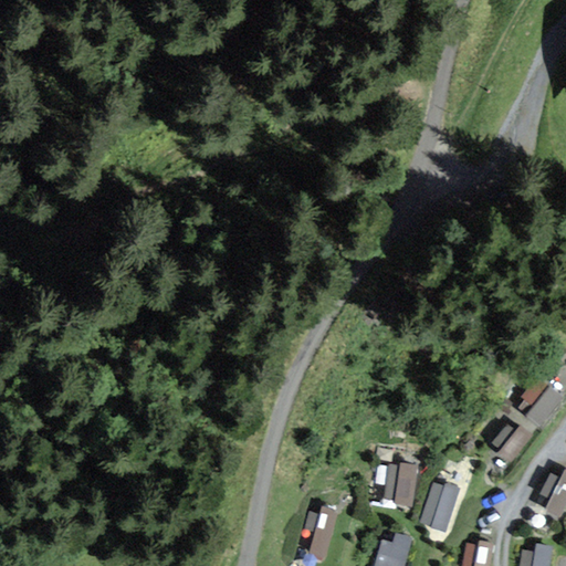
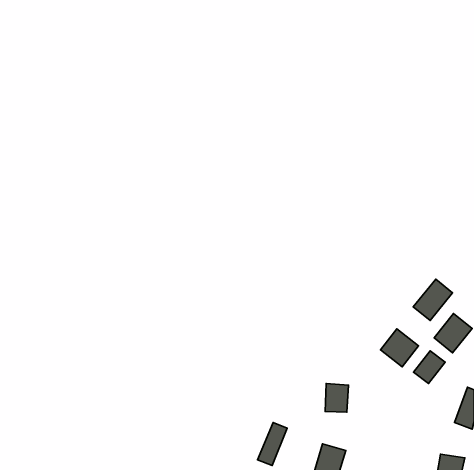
building: none -> [413,279,452,321]
building: none -> [380,329,419,367]
building: [421,481,459,532] -> none

